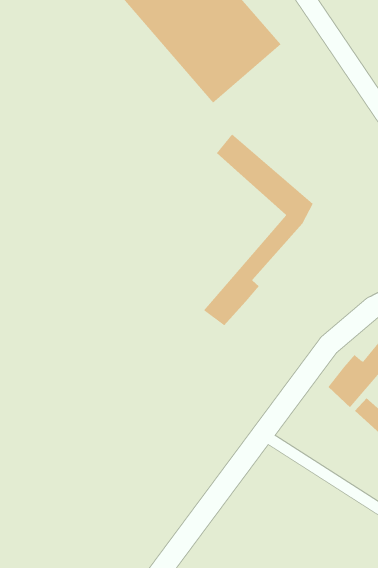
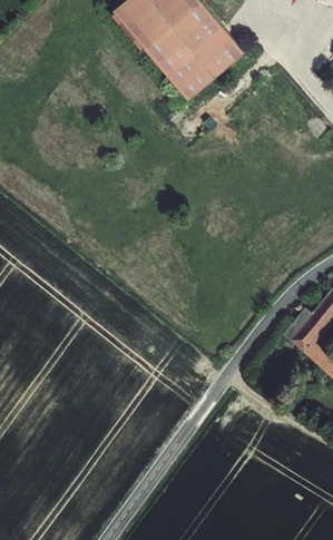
building: [203,134,314,326] -> none

